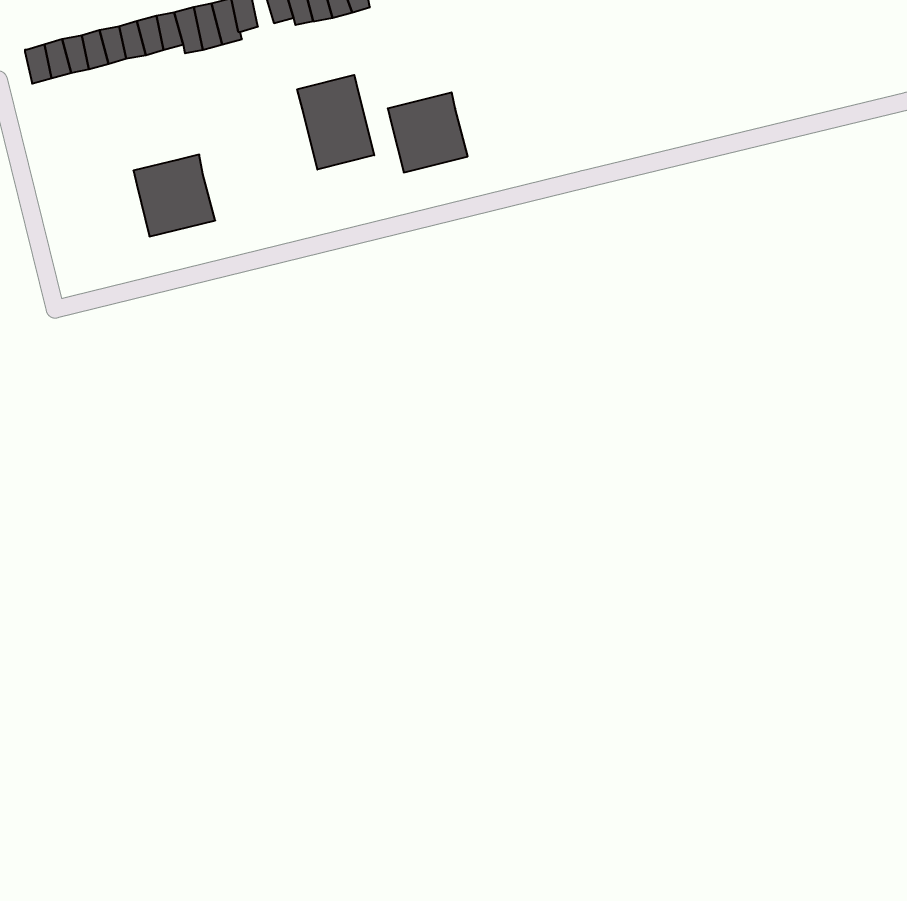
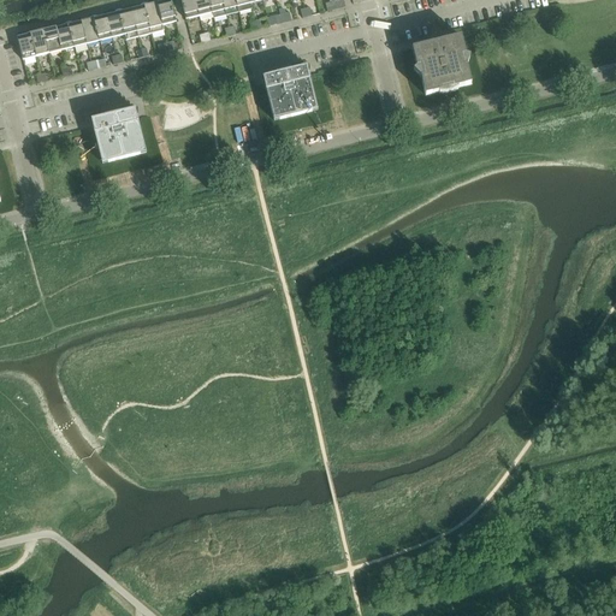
building: none -> [411,32,470,93]
building: [297,75,374,170] -> none

